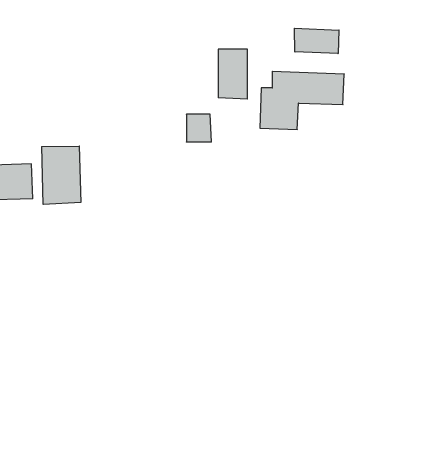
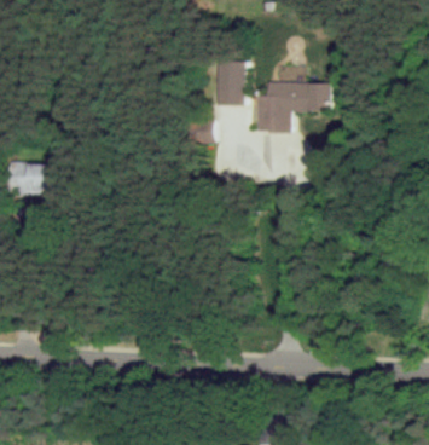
building: [295,28,339,54] -> none
building: [42,146,81,204] -> none

